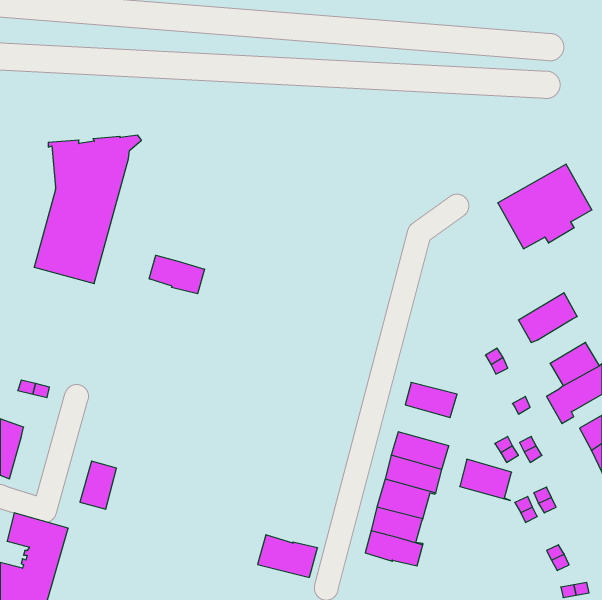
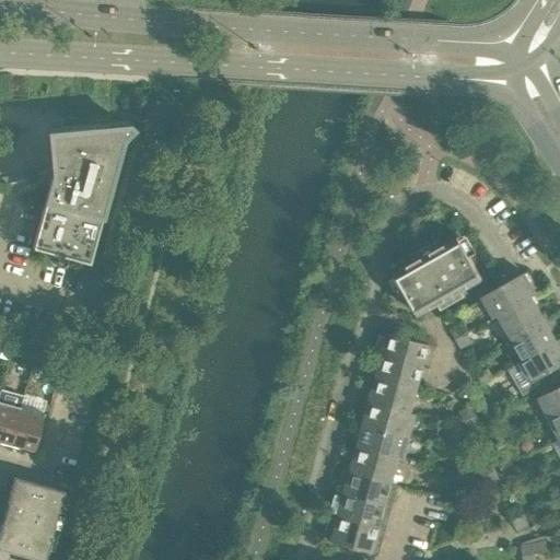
building: [498,164,592,249] -> [395,237,482,316]
building: [149,255,205,294] -> none
building: none -> [499,298,544,339]
building: none -> [382,334,430,368]
building: [460,459,512,500] -> [370,377,418,416]
building: [80,461,116,509] -> [9,408,43,453]
building: [258,535,318,577] -> [331,515,387,555]

